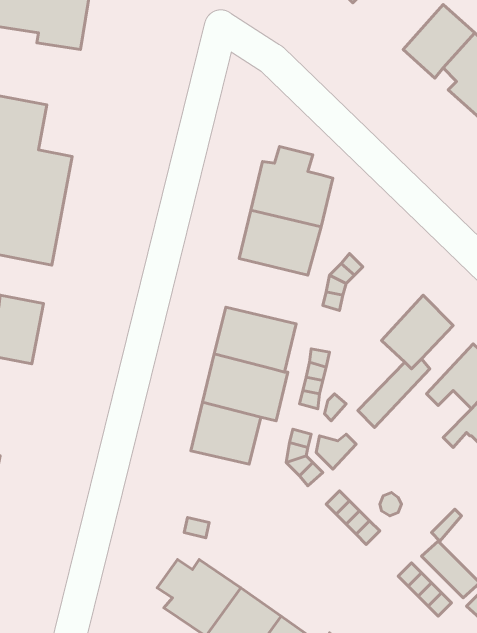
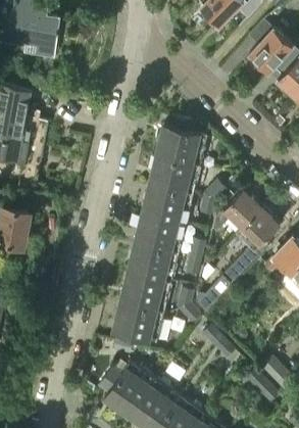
building: none -> [141,184,191,224]
building: none -> [222,189,261,234]
building: none -> [112,301,164,342]

